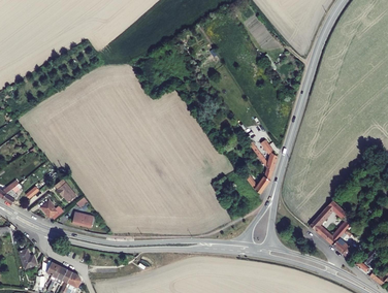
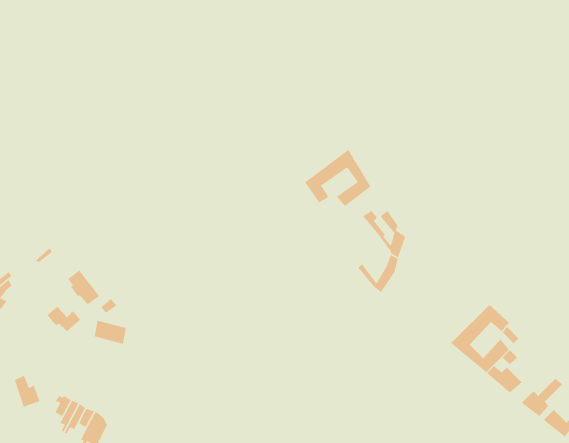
building: none -> [304,149,372,207]

